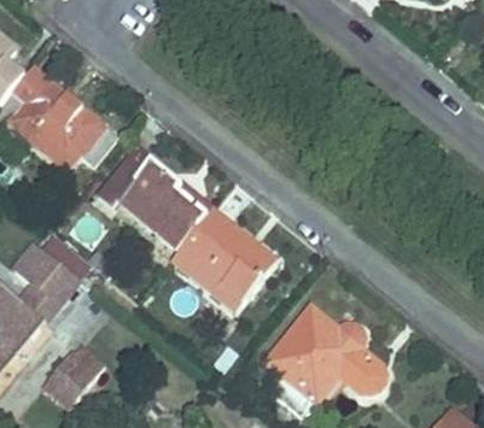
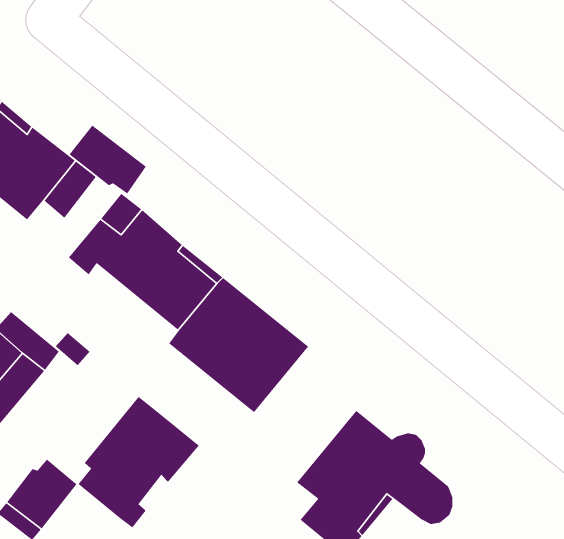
building: none -> [69,125,147,195]
building: none -> [78,396,200,529]

